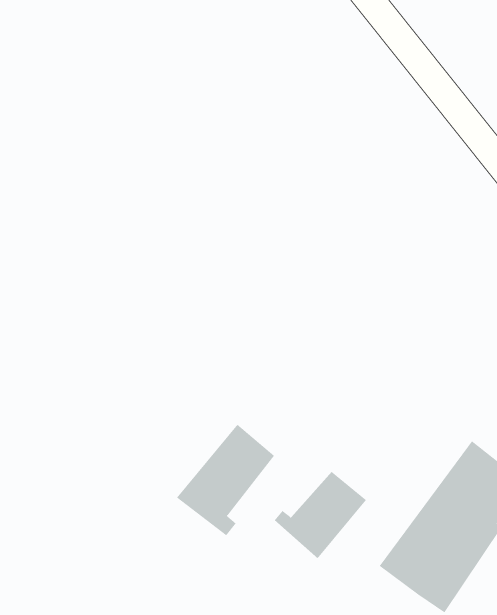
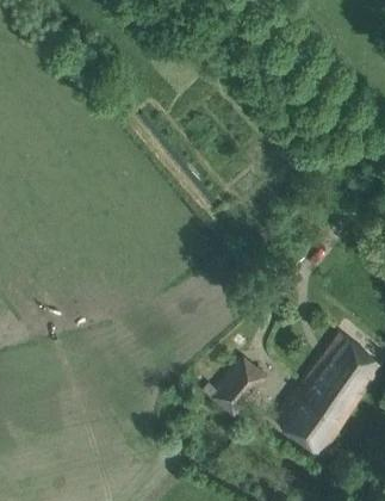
building: [176,424,275,536] -> none

